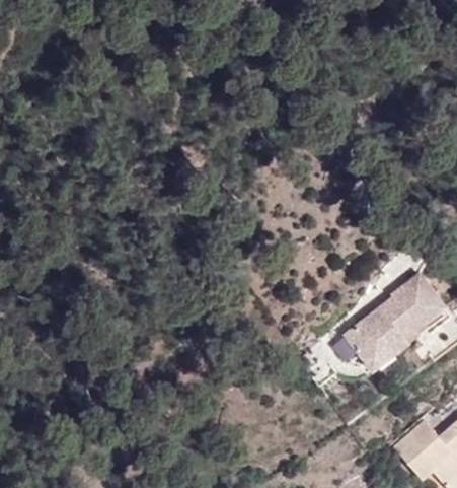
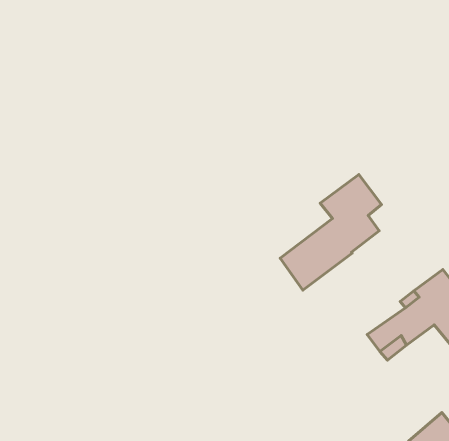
building: none -> [280,175,382,290]

